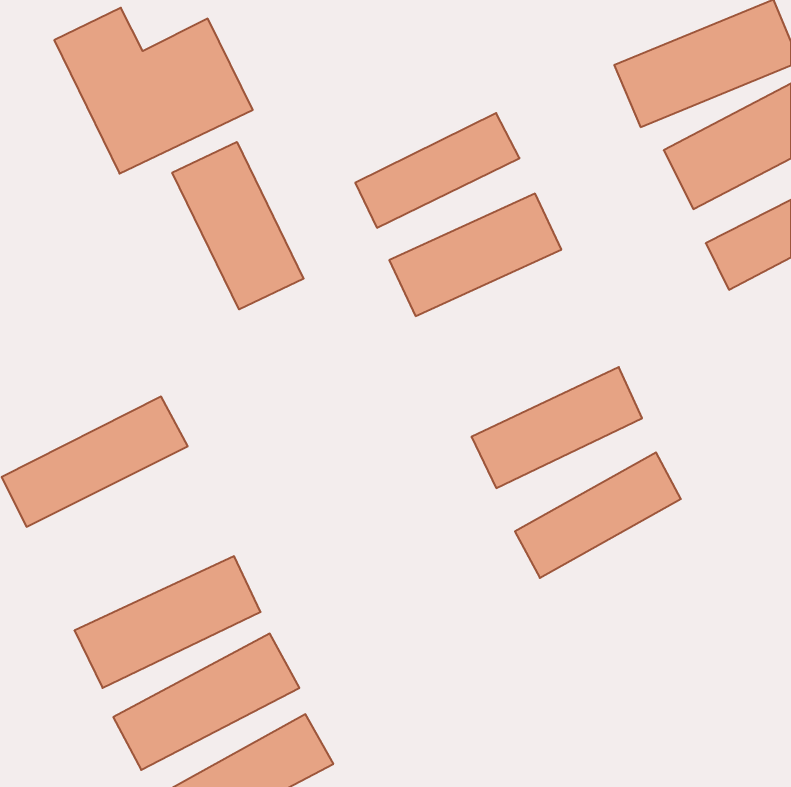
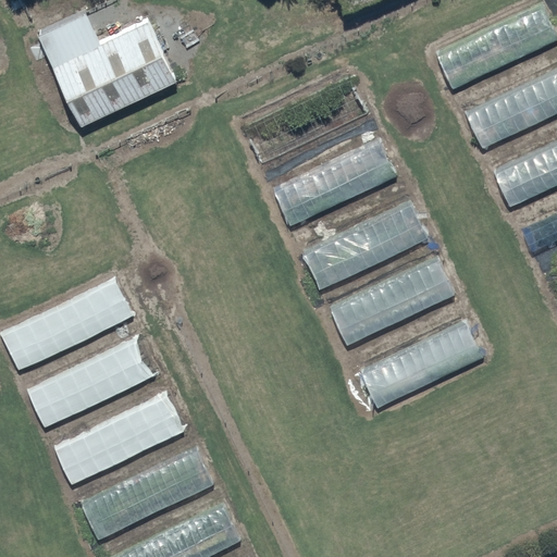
building: [172,142,304,309] -> none
building: none -> [306,202,425,287]
building: none -> [27,336,159,435]

